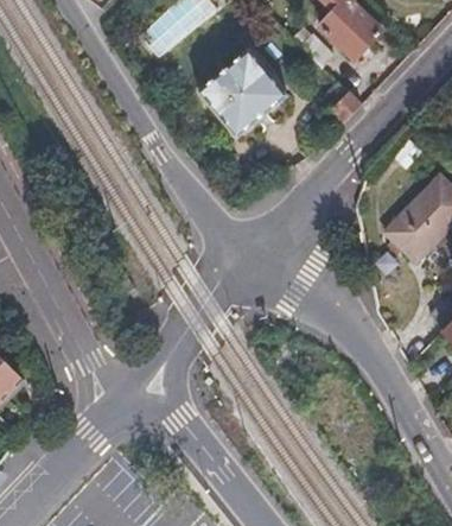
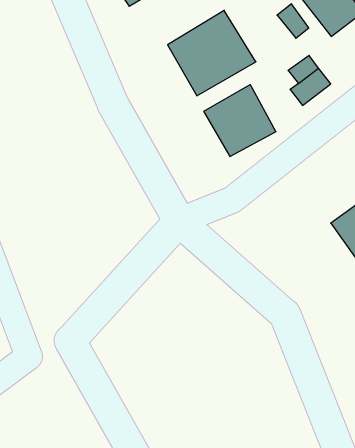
building: none -> [204,85,276,157]

